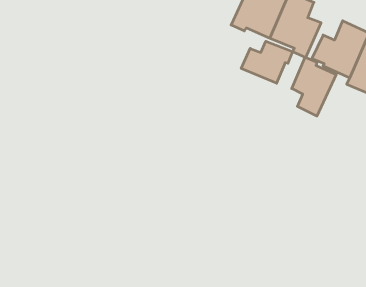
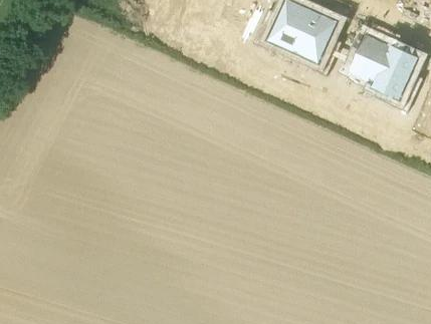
building: [241,41,292,83] -> none
building: [292,57,336,116] -> none

